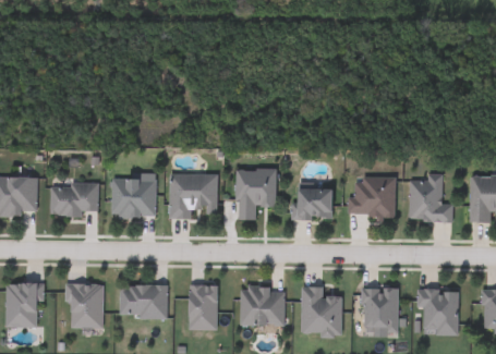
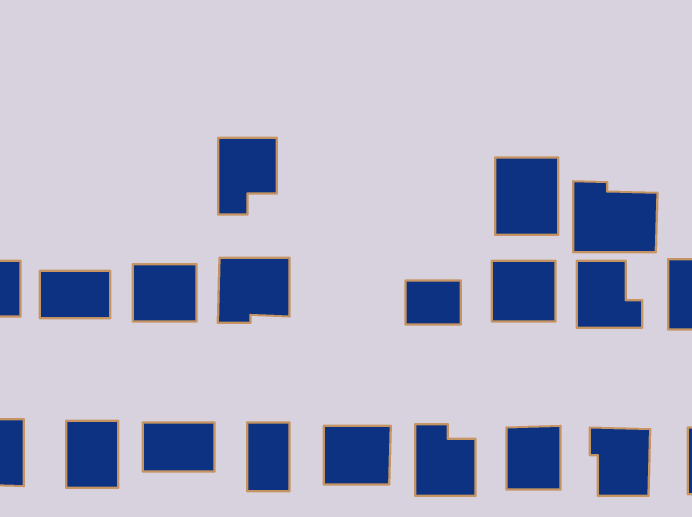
building: none -> [495,157,558,235]
building: none -> [573,181,657,252]
building: [237,169,276,220] -> [218,138,277,215]

